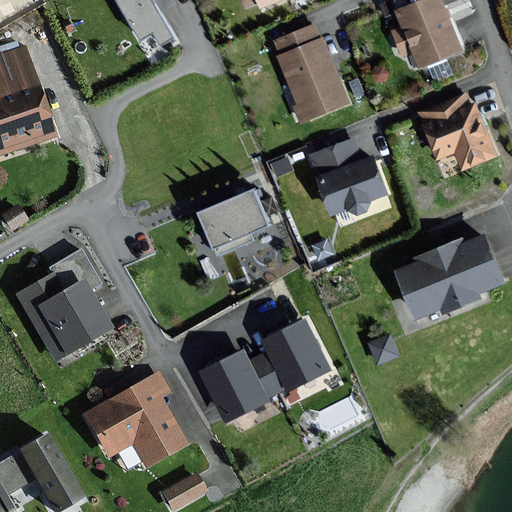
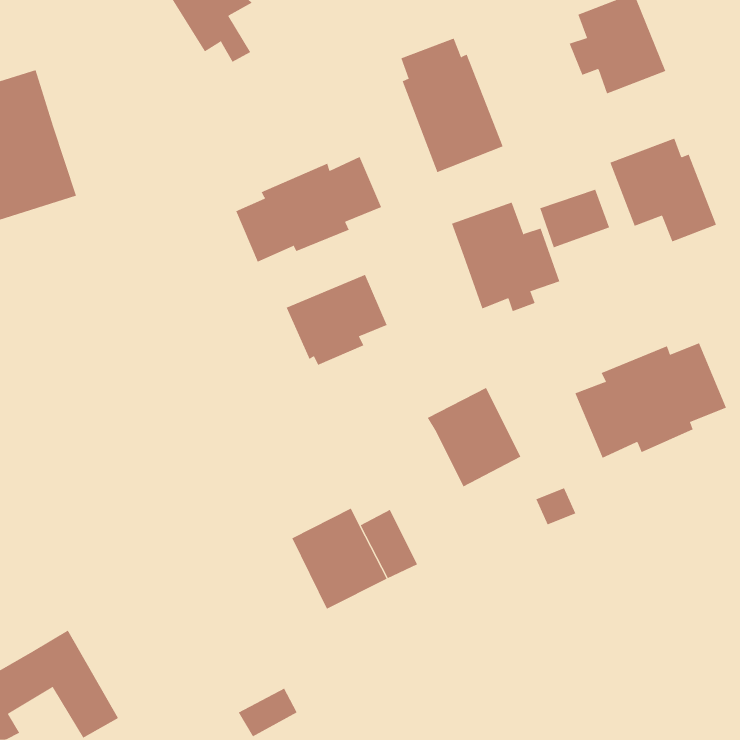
building: none -> [235,156,382,262]
building: none -> [540,189,610,248]
building: [18,249,109,357] -> none
building: [263,320,328,389] -> [427,387,521,487]
building: [86,372,184,464] -> none

